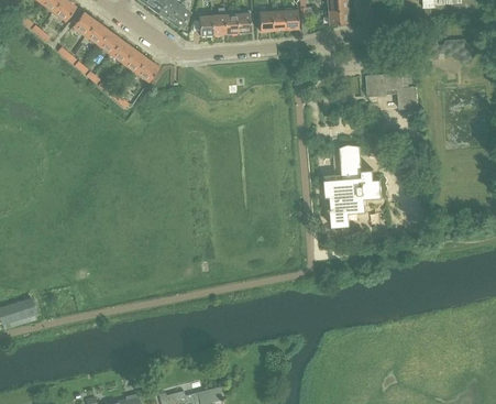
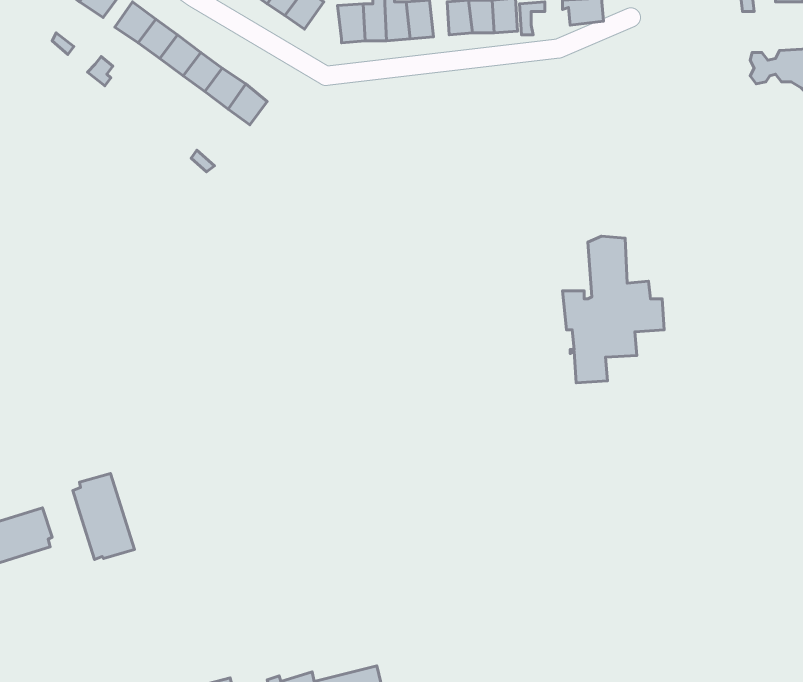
building: [366,66,418,109] -> none
building: none -> [73,473,134,559]

